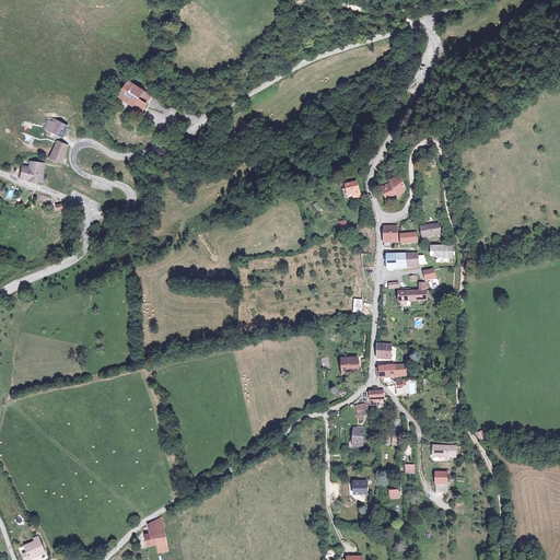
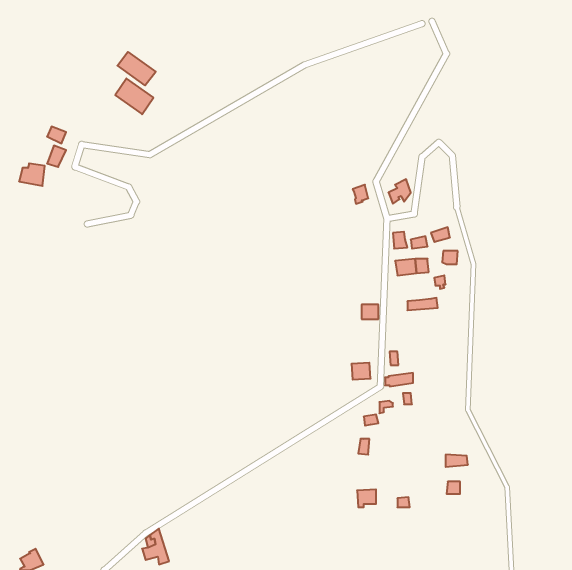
building: none -> [117,52,156,85]

